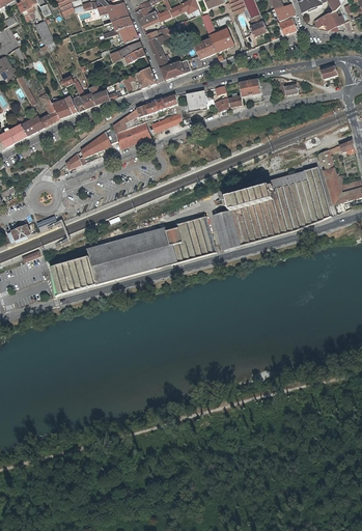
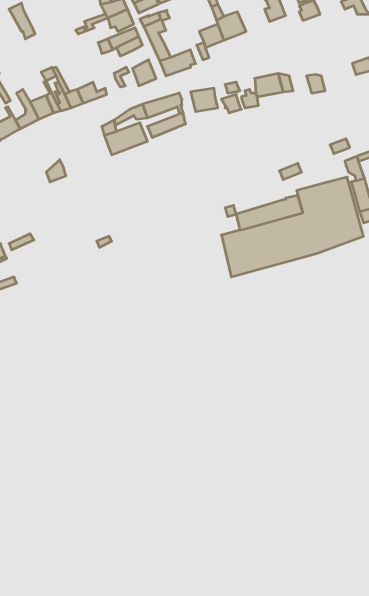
building: [81,131,113,159] -> none
building: [50,216,216,296] -> none

